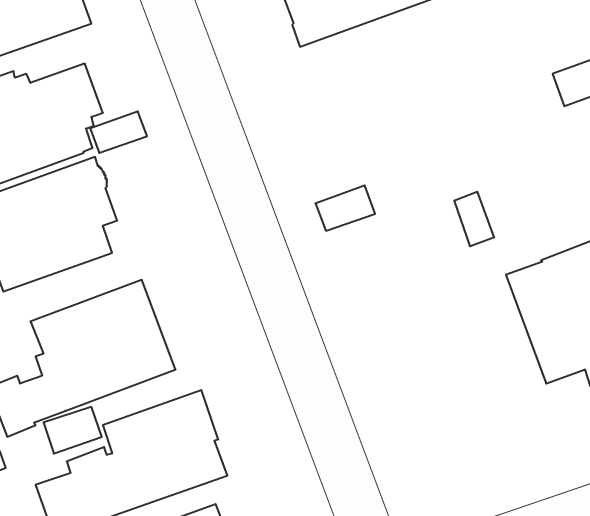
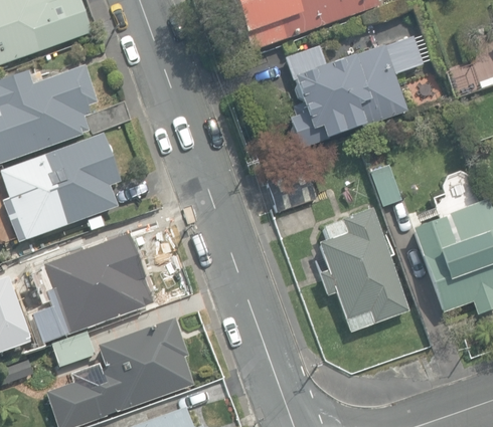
building: none -> [286,36,423,149]
building: none -> [319,208,409,331]

